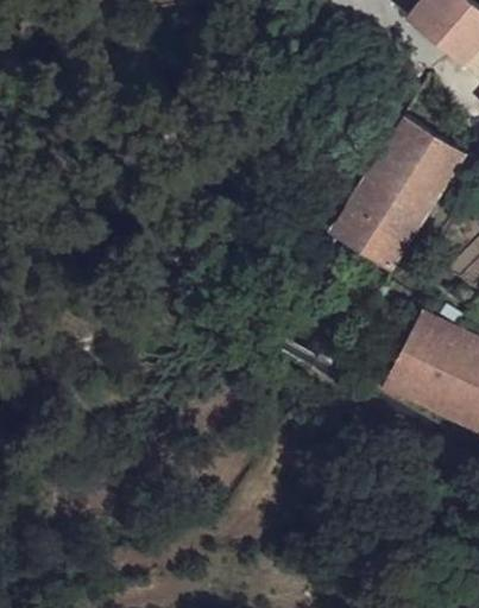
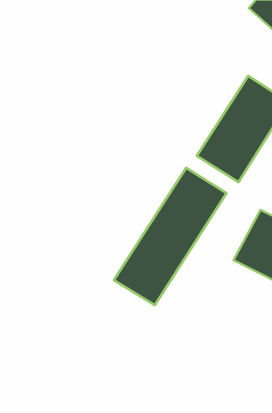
building: none -> [114,168,227,305]

